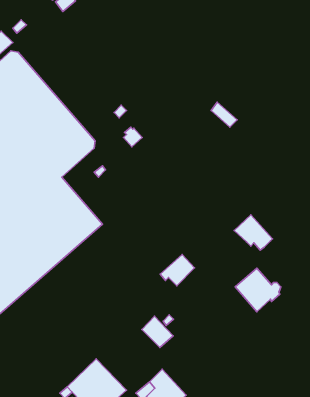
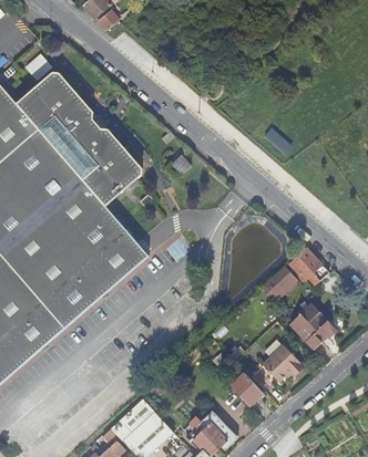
building: [160,254,195,286] -> [260,266,297,299]
building: none -> [262,340,301,381]
building: [142,316,173,347] -> [229,371,263,404]

